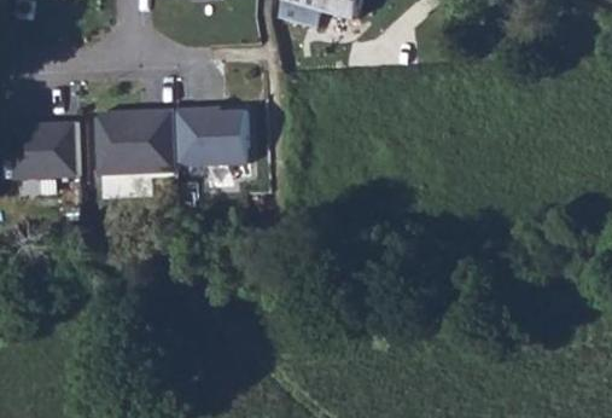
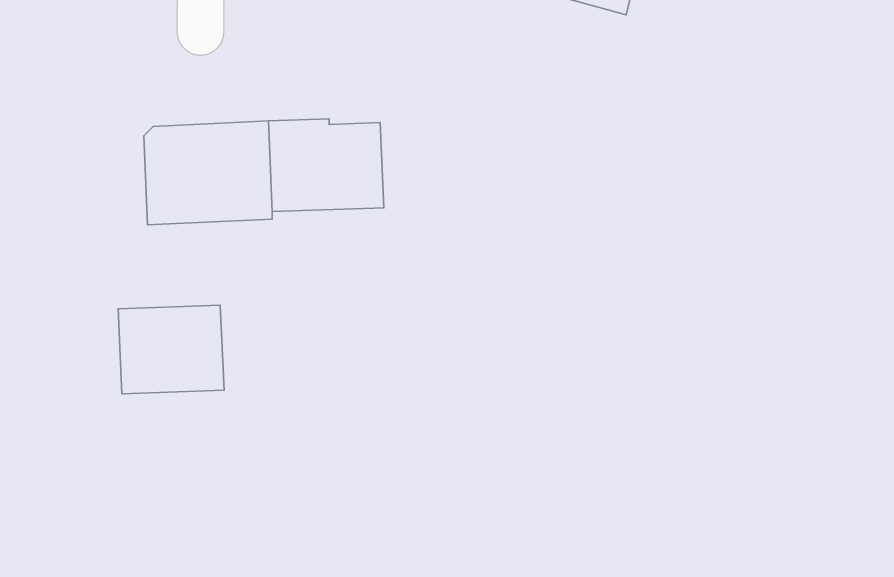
building: [8,121,76,178] -> [118,305,224,394]

